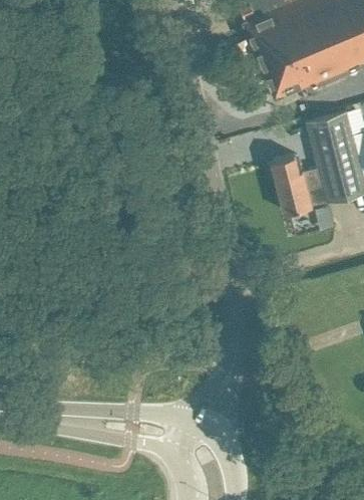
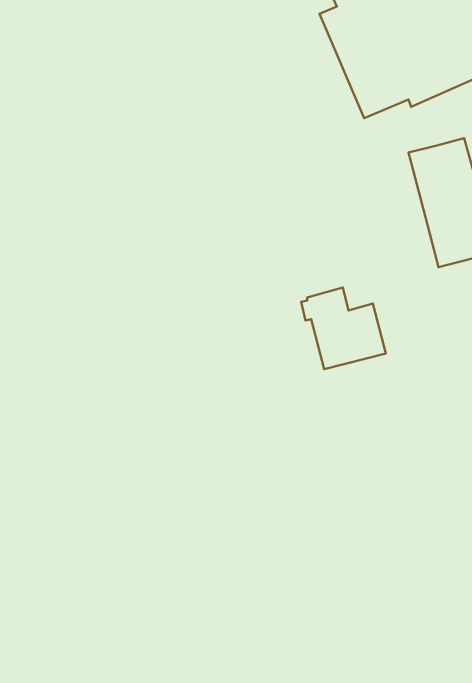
building: [269,155,328,212] -> [301,288,386,369]

